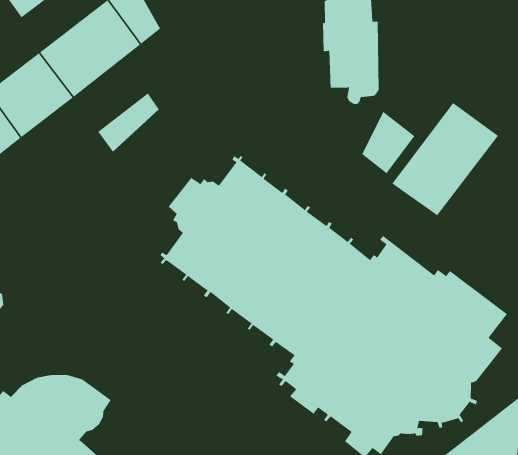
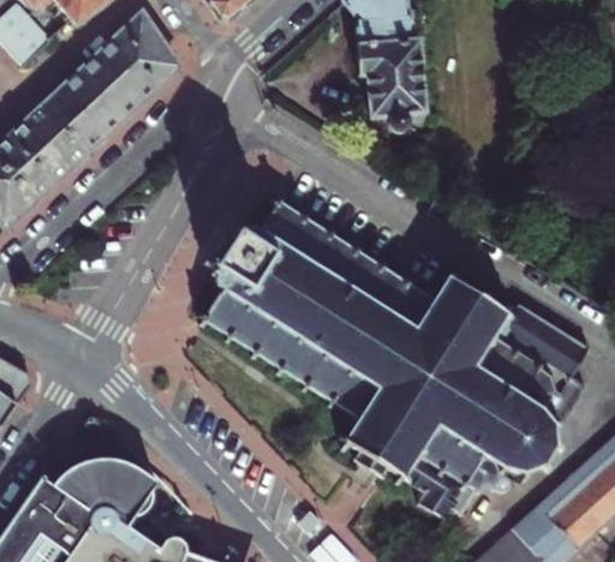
building: [98,92,160,153] -> none
building: [392,102,499,216] -> none
building: [361,111,415,174] -> none

